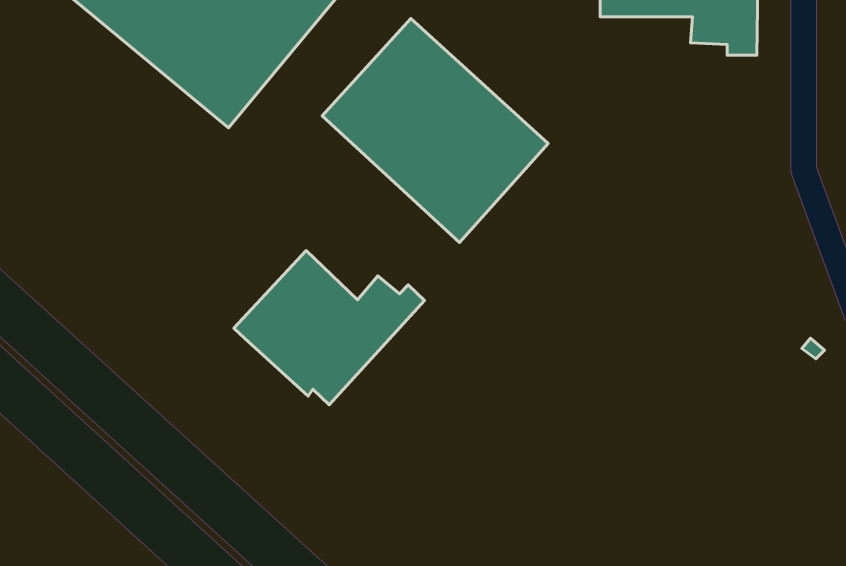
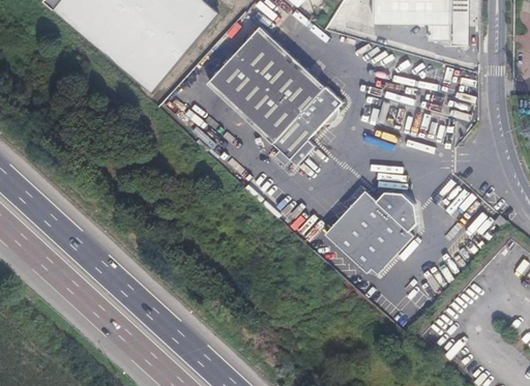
building: [234,251,425,405] -> none
building: none -> [324,190,416,275]

